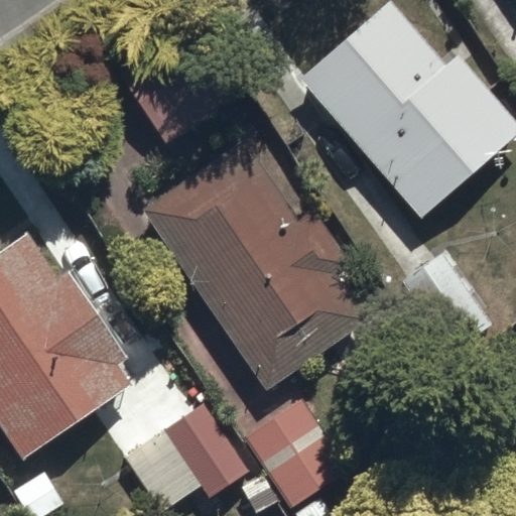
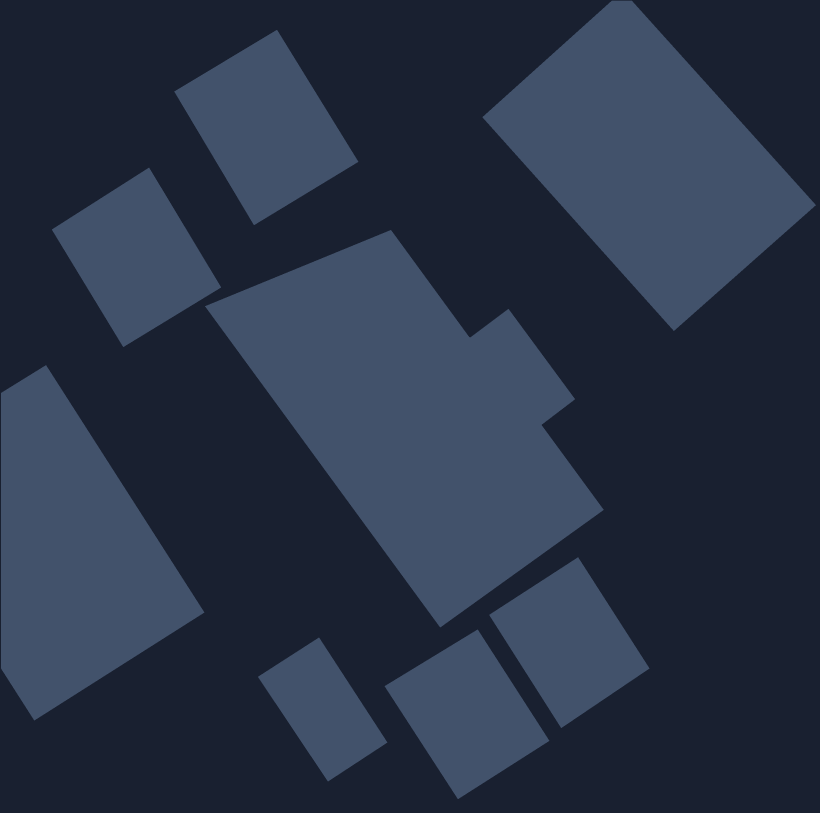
building: none -> [51,167,222,348]
building: none -> [488,556,650,729]

